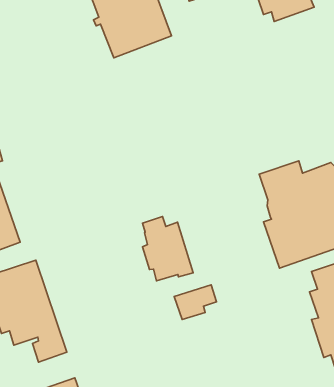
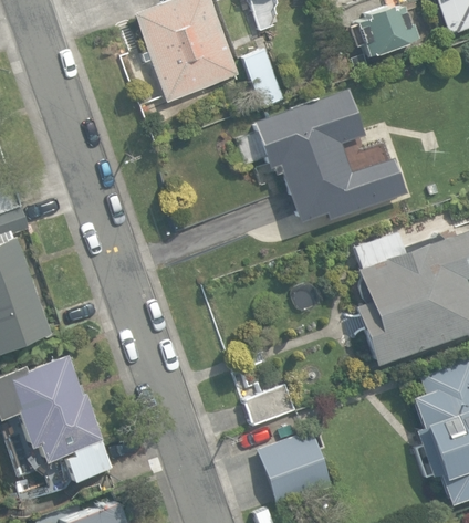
building: none -> [243,49,407,221]
building: [142,217,193,281] -> none
building: none -> [263,435,317,492]

